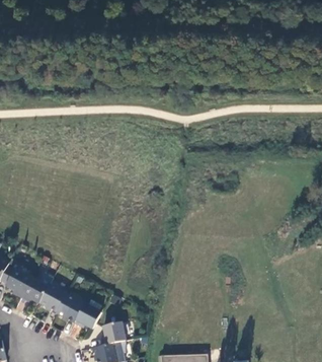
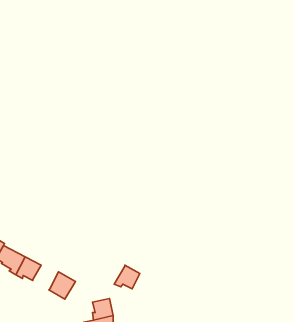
building: [41,285,68,313] -> none
building: [75,304,102,330] -> [114,265,140,289]

